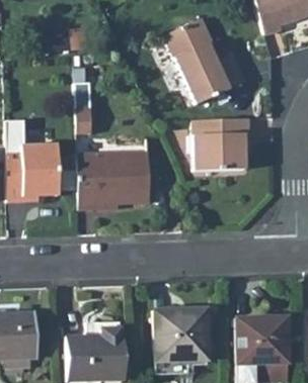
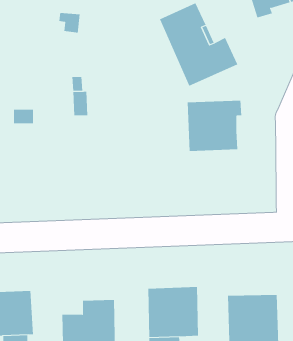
building: [7,143,60,201] -> none
building: [79,152,151,209] -> none

